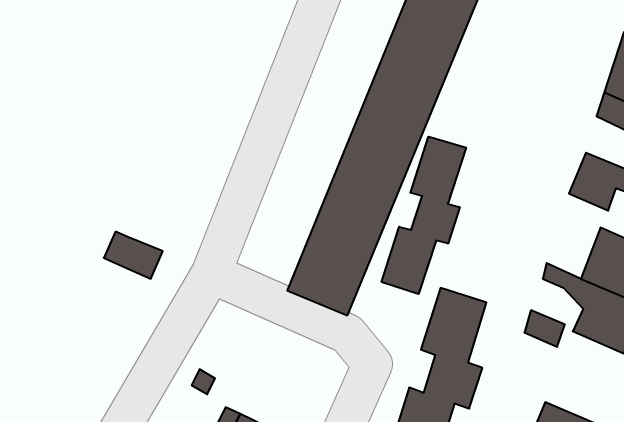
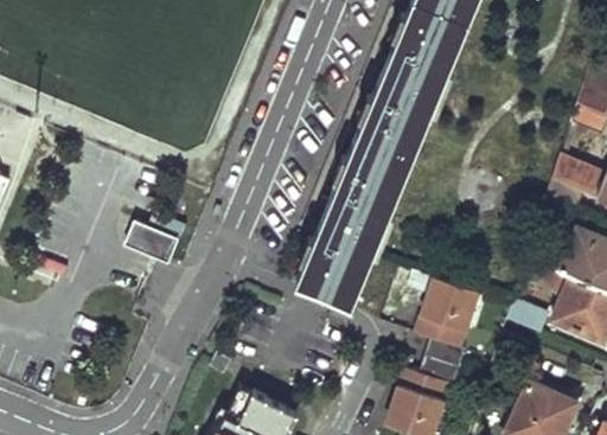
building: [382,137,466,294] -> none

